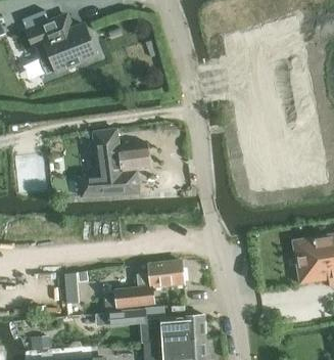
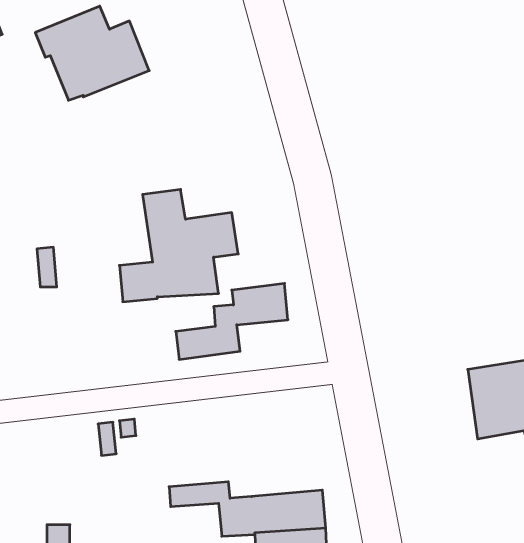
building: [113,261,183,308] -> [176,283,288,359]

